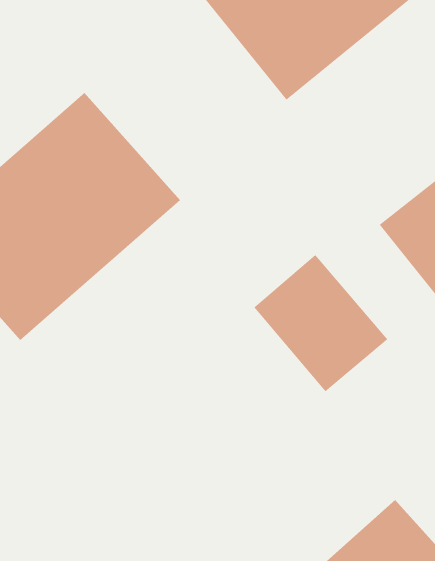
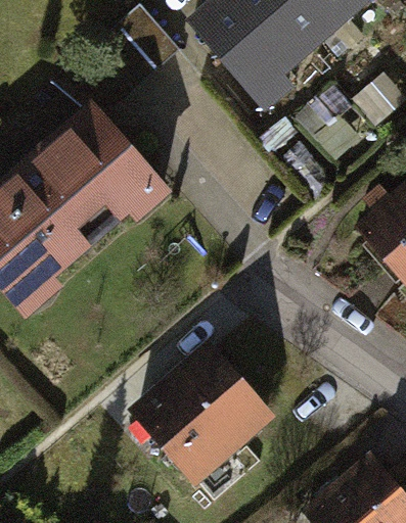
building: [253,254,388,392] -> none
building: none -> [129,332,278,482]

